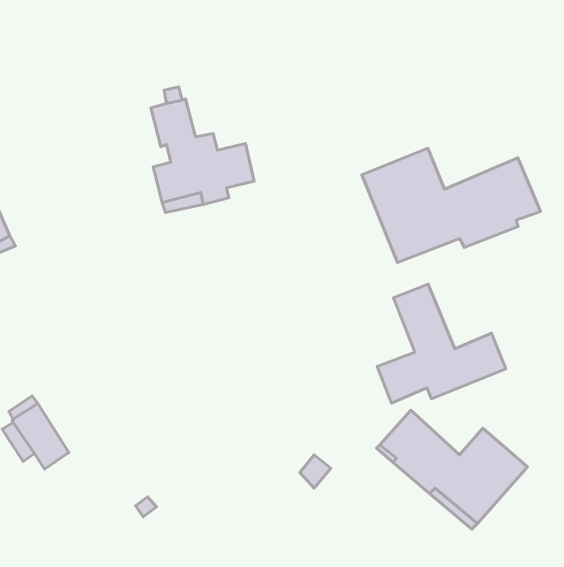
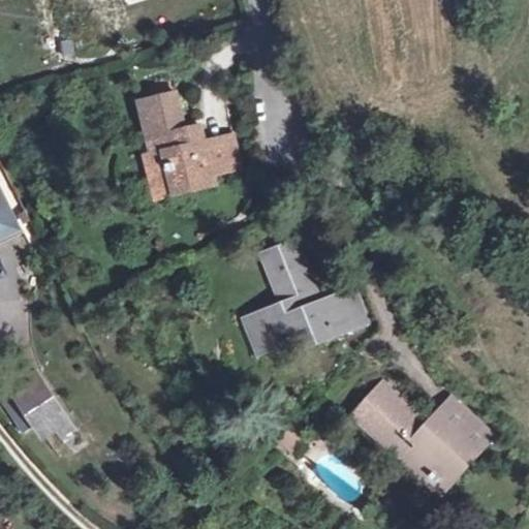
building: [362,148,540,262] -> none
building: [377,284,506,403] -> [246,242,366,352]

